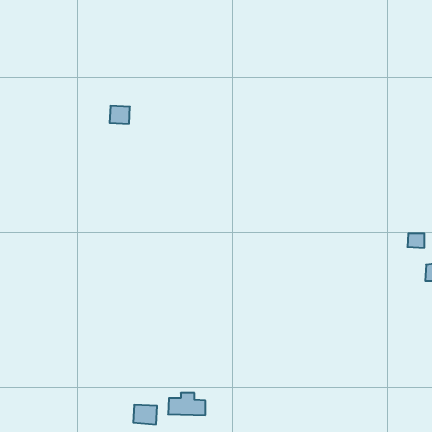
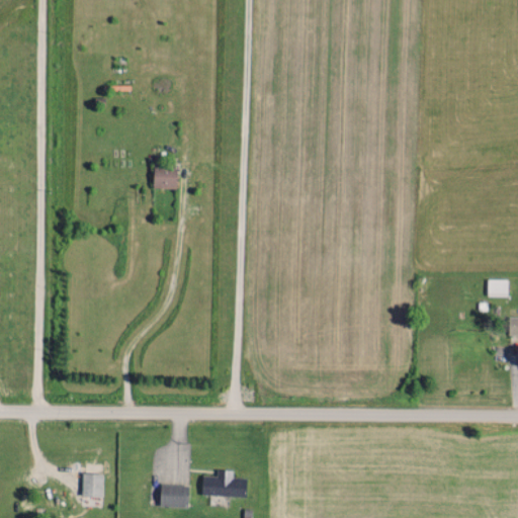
building: [110,106,130,124] -> [154,168,178,189]
building: none -> [82,473,103,497]

